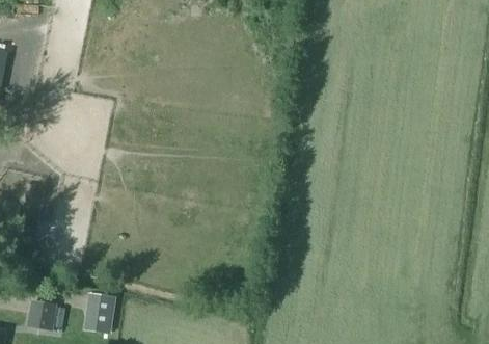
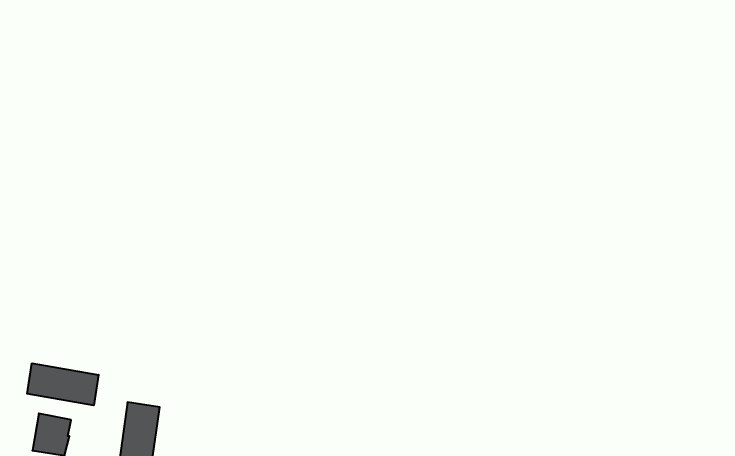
building: none -> [27,363,99,405]

